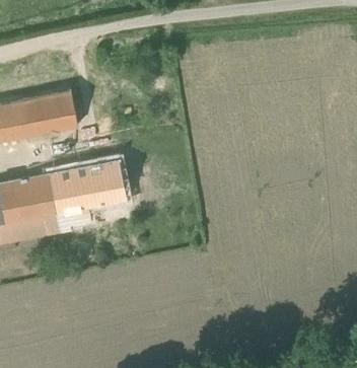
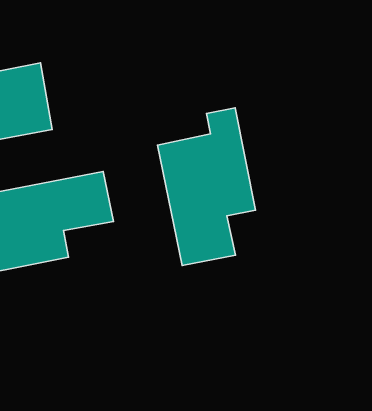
building: none -> [158,108,255,265]

